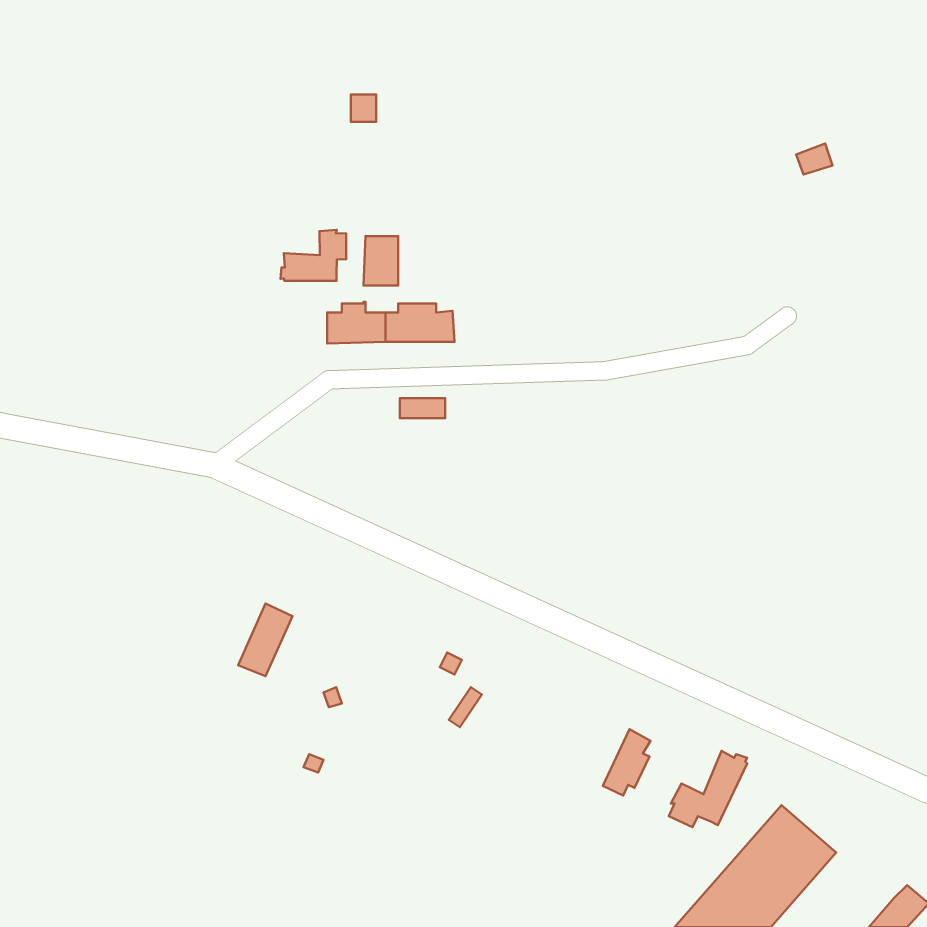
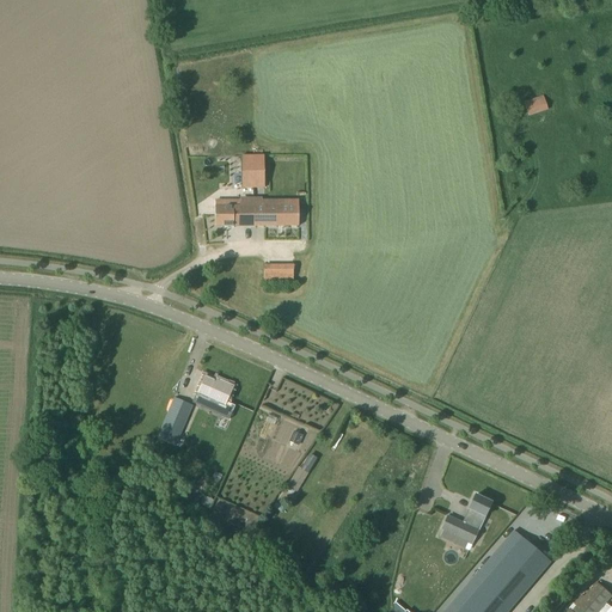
building: [281,230,346,281] -> none
building: none -> [198,375,234,414]
building: [603,729,651,795] -> none

